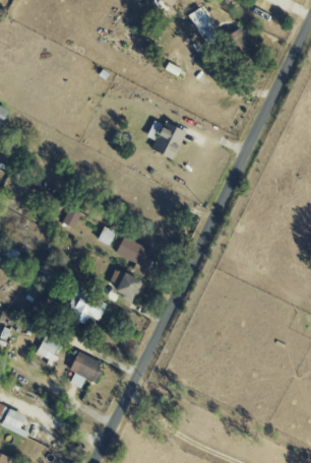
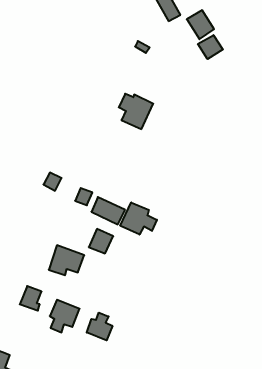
building: none -> [198,35,223,59]
building: none -> [120,202,157,235]
building: none -> [87,313,112,340]

